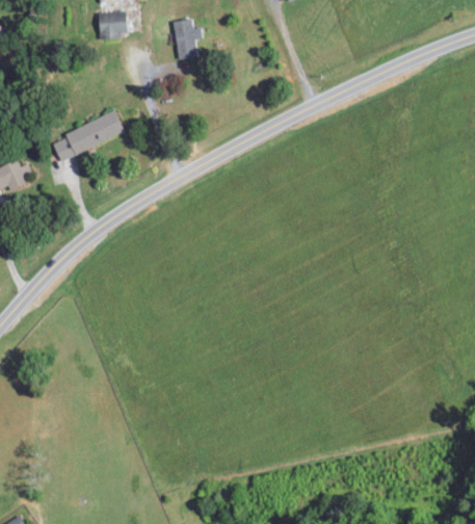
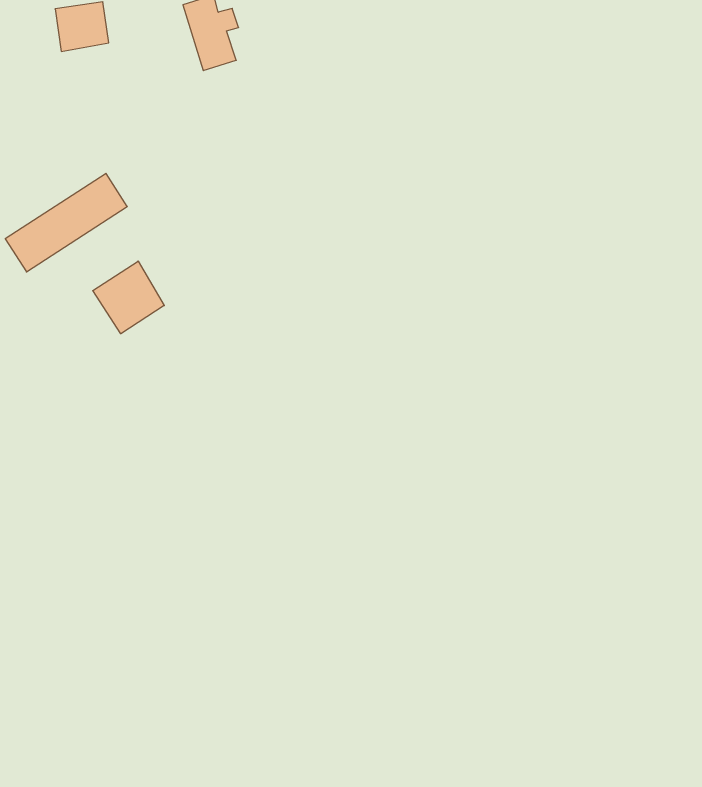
building: none -> [93,261,164,334]

